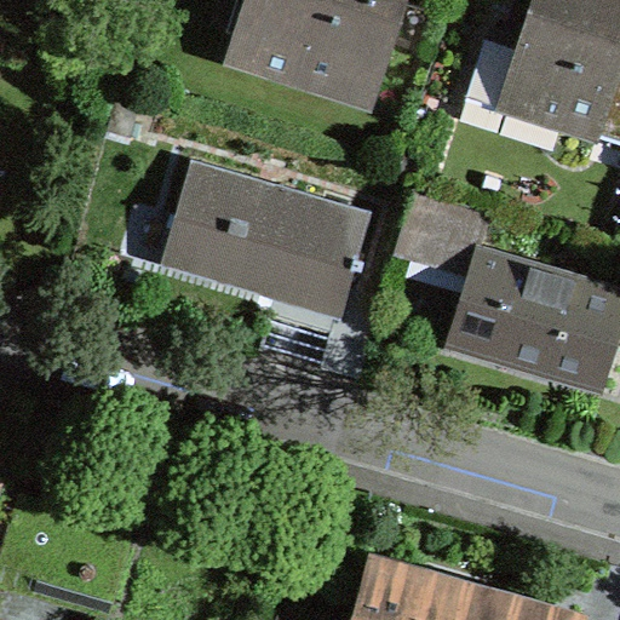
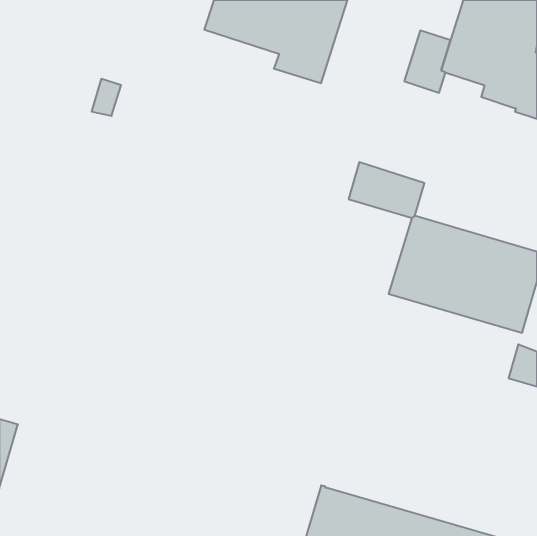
building: [160,159,380,378] -> none

